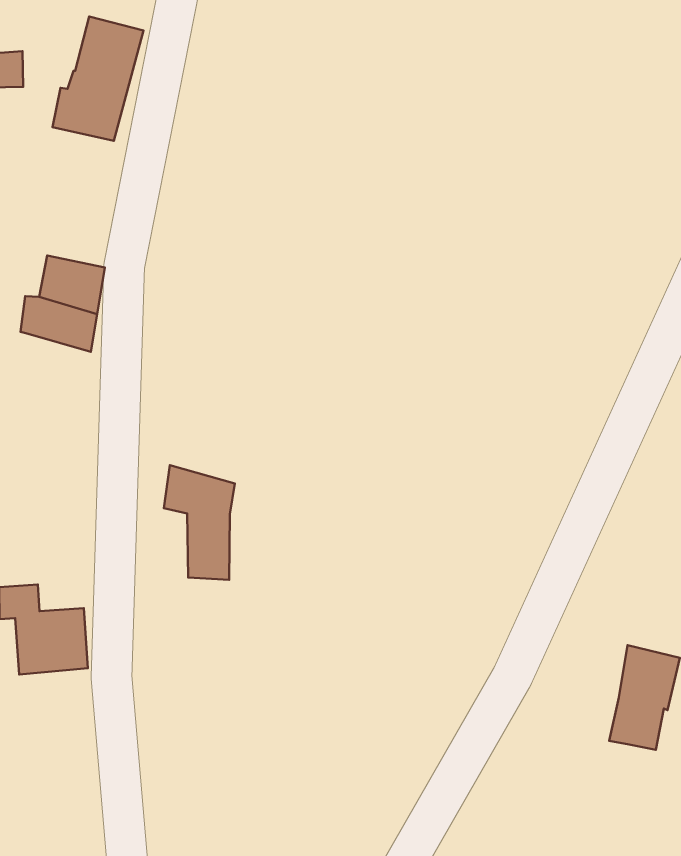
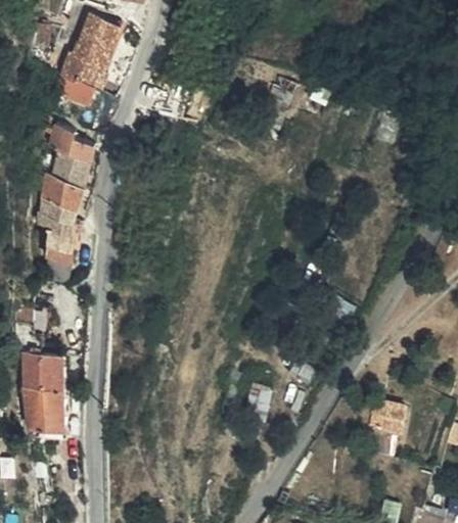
building: none -> [50,127,93,160]
building: [164,465,235,580] -> [37,195,79,264]
building: none -> [25,390,64,438]

